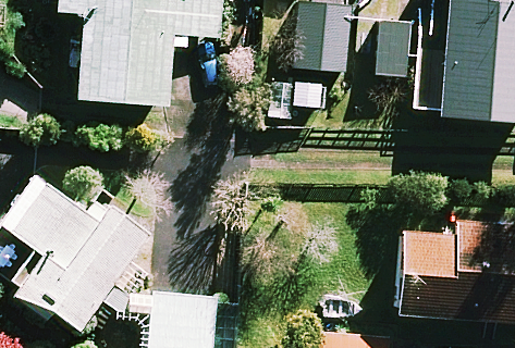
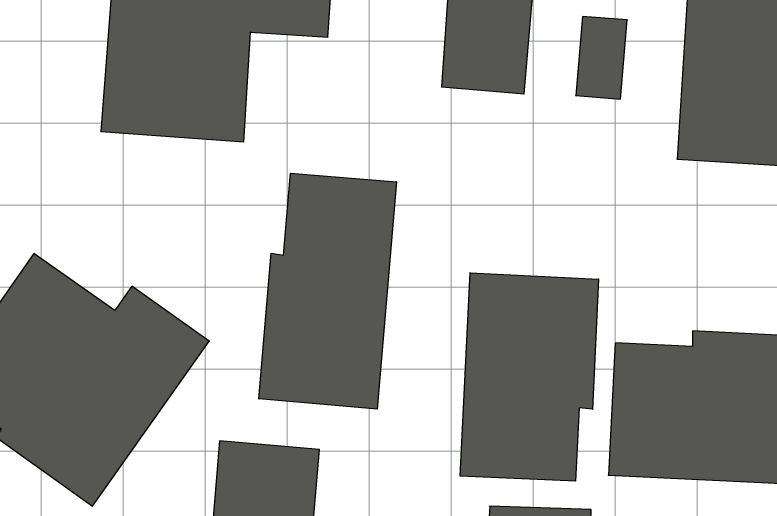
building: none -> [259,173,396,409]
building: none -> [460,273,599,481]

